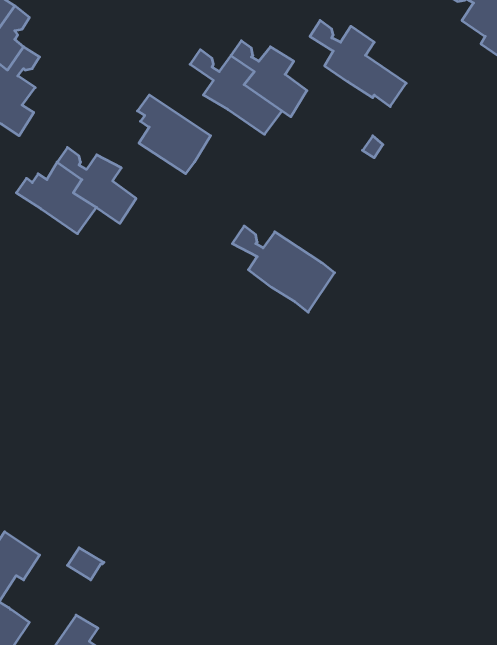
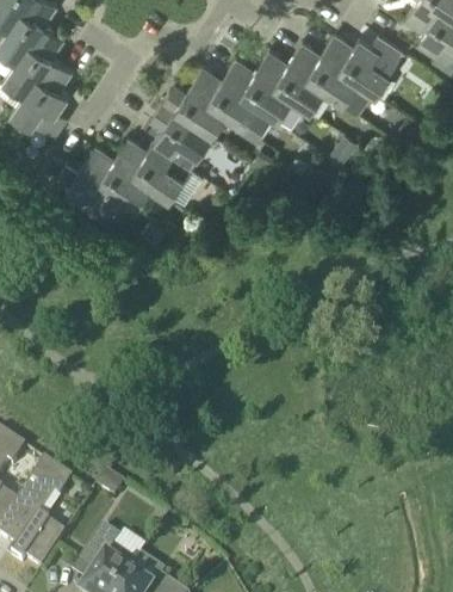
building: none -> [328,33,405,97]
building: none -> [262,50,325,112]
building: none -> [163,78,228,136]
building: [232,226,335,312] -> [120,137,204,208]

